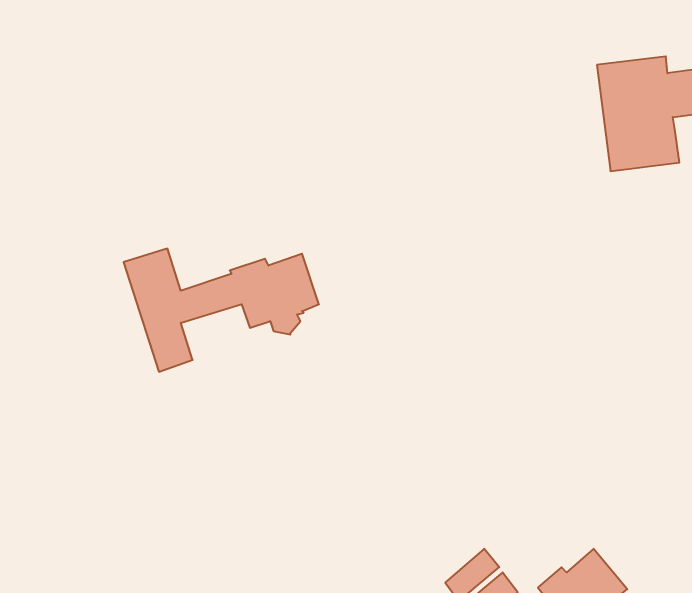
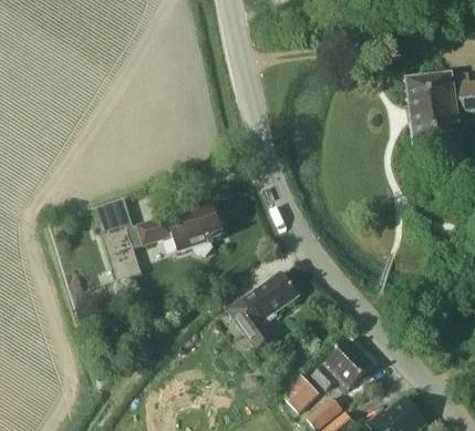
building: none -> [227,270,298,349]
building: none -> [311,338,373,389]
building: none -> [280,374,318,412]

